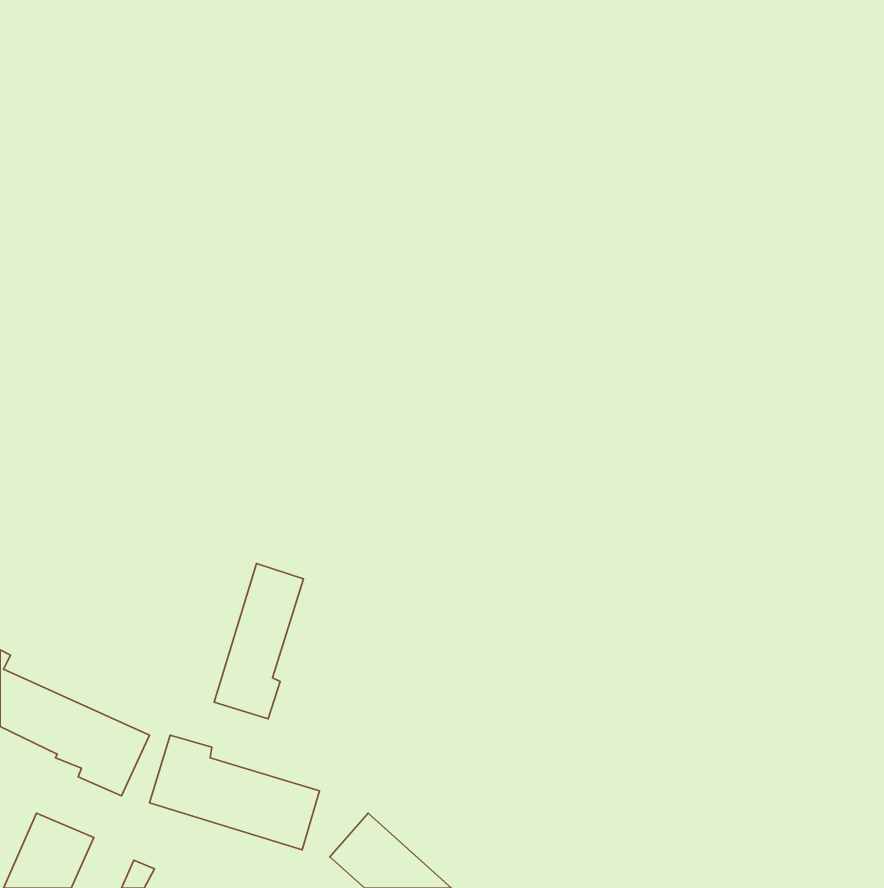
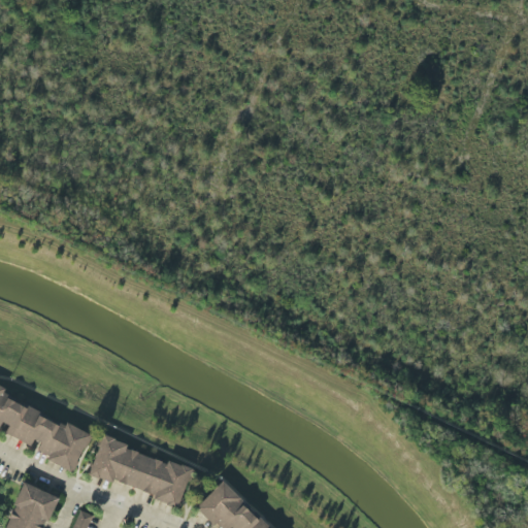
building: [214,564,303,719] -> none

